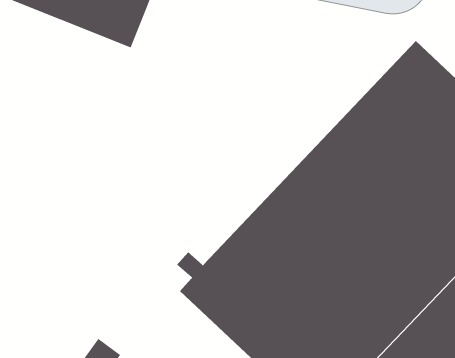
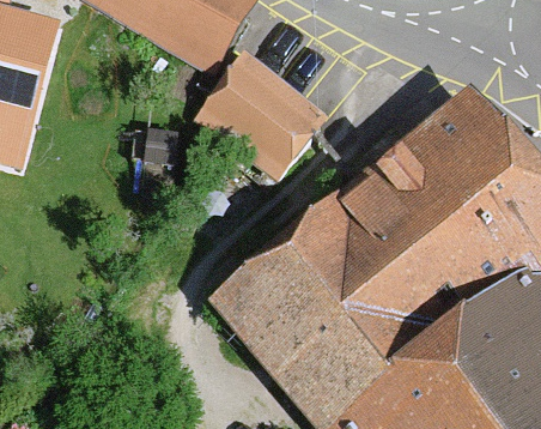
building: none -> [196,62,332,193]

